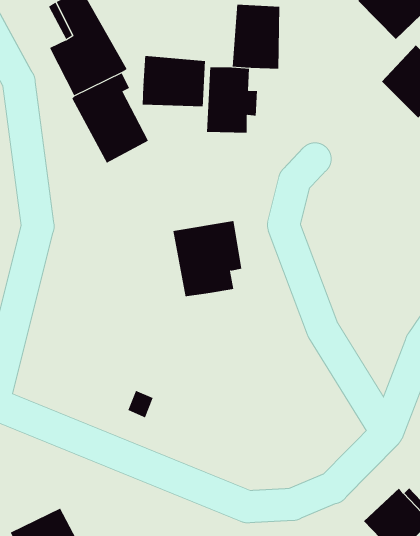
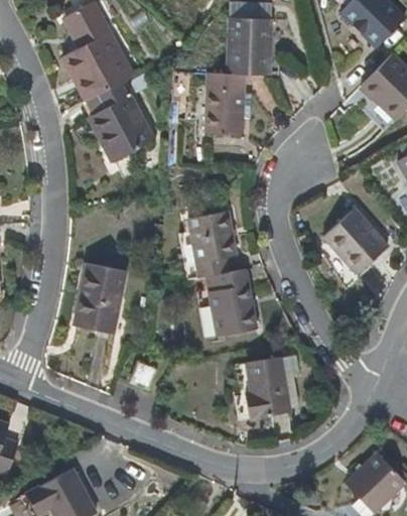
building: [142,55,206,107] -> none
building: none -> [324,208,388,273]
building: none -> [75,263,126,334]
building: none -> [195,269,256,338]
building: none -> [231,357,289,422]

